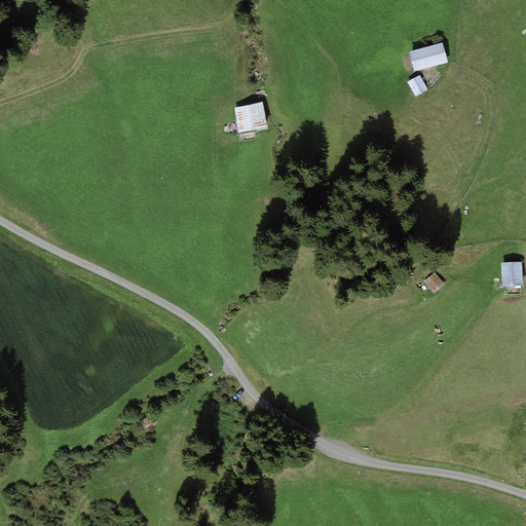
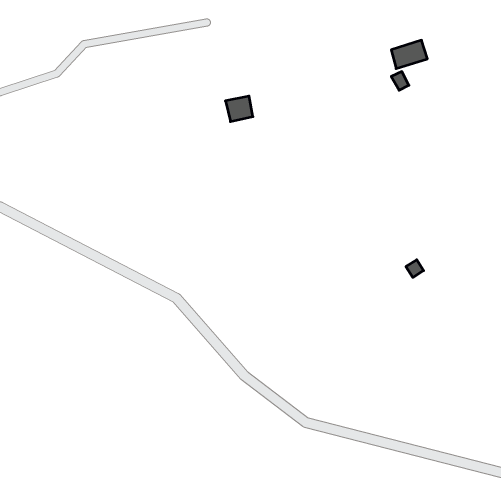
building: [501,262,521,289] -> none

